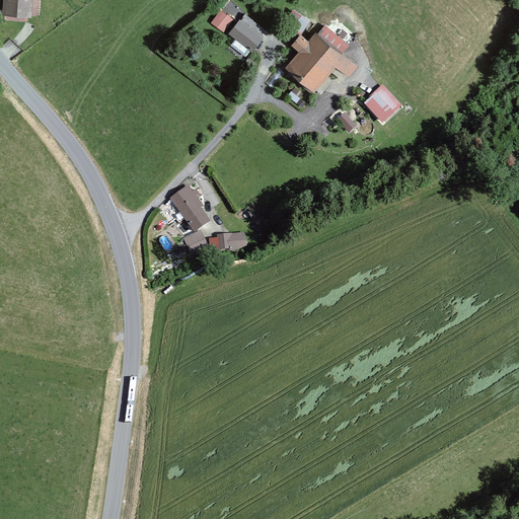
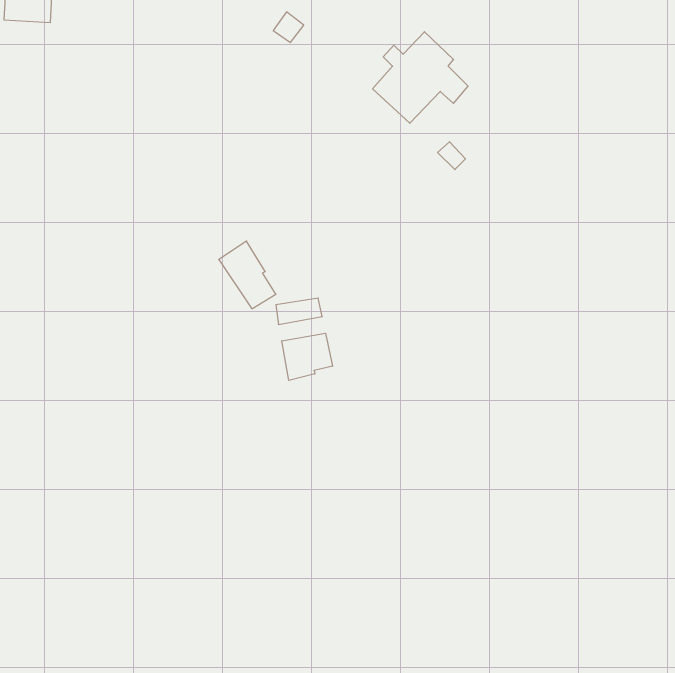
building: [229,12,267,50] -> none
building: [363,86,401,125] -> none
building: none -> [282,333,332,380]

